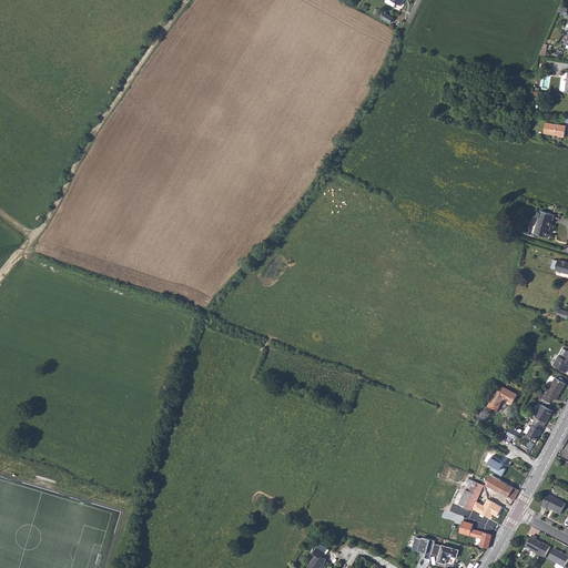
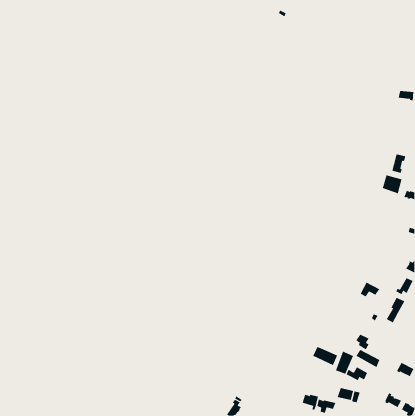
building: none -> [382,175,402,194]
building: none -> [313,346,338,366]

